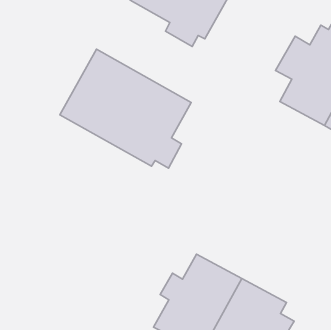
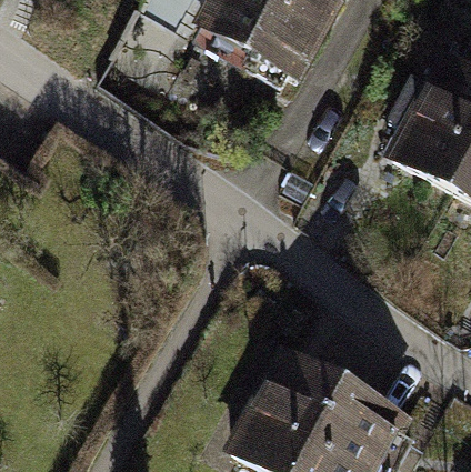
building: [60,49,191,168] -> none

